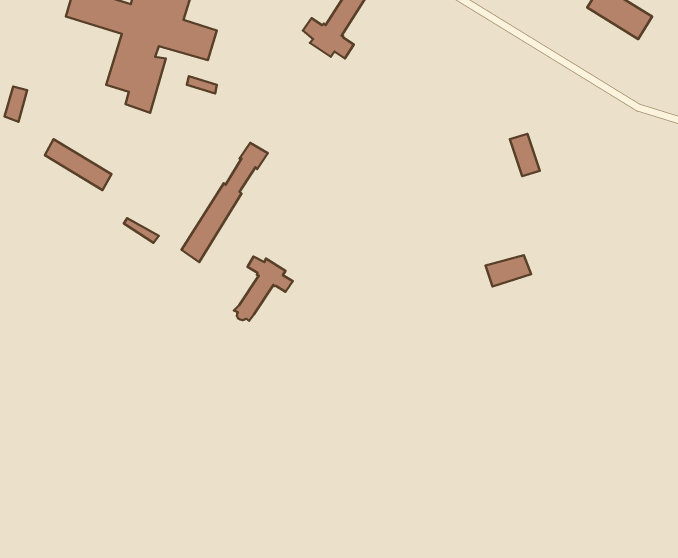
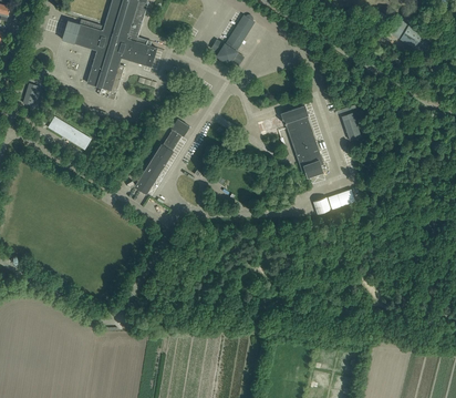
building: none -> [281,105,323,176]
building: [234,257,293,321] -> none

